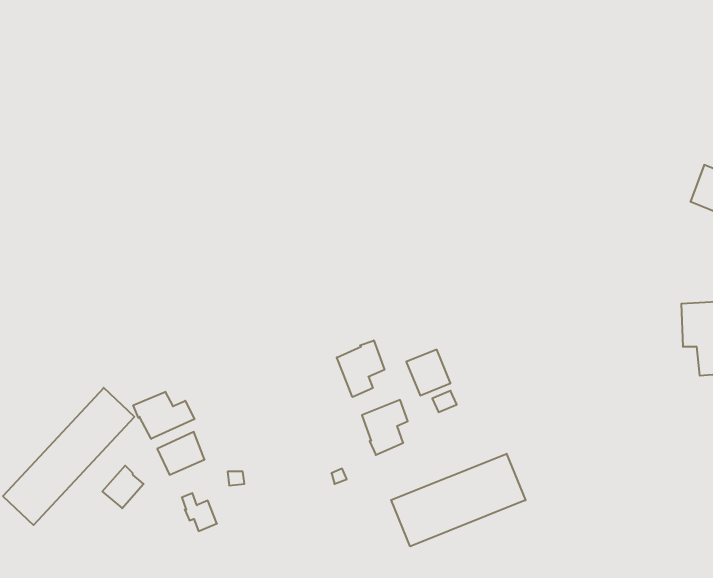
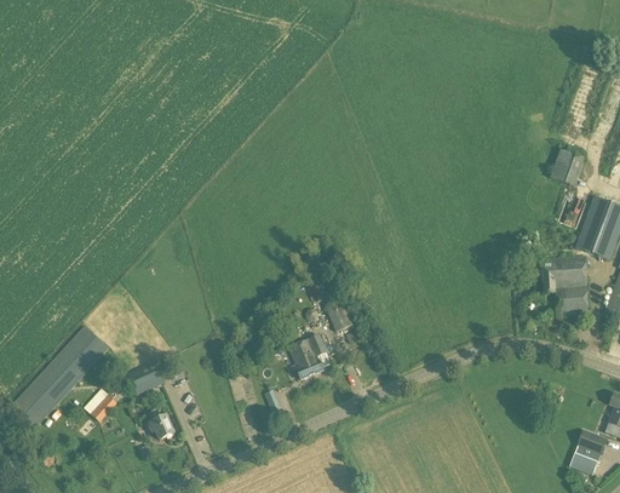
building: [337,340,384,397] -> none
building: [133,392,195,439] -> none
building: [391,454,526,546] -> none

